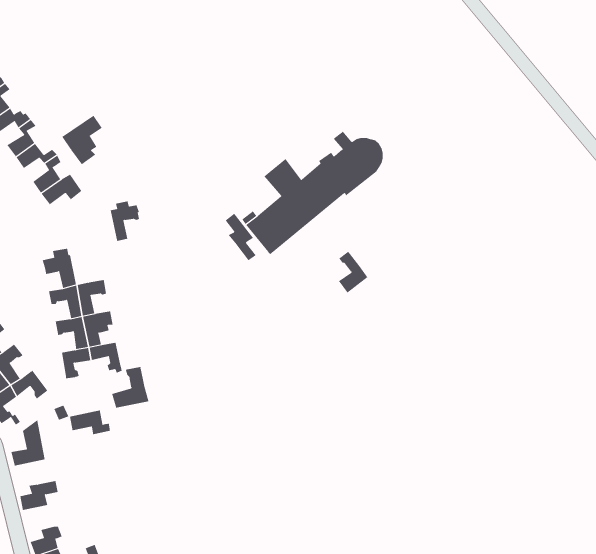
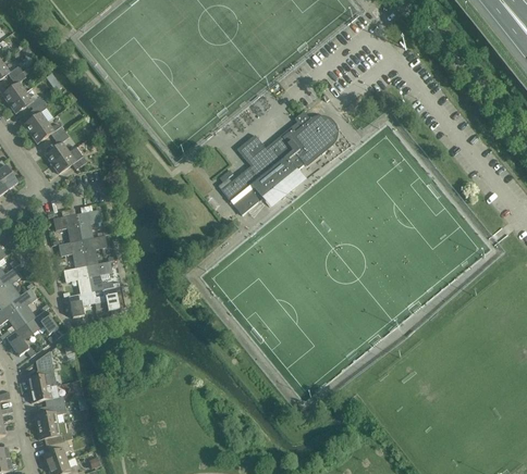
building: [61,115,103,165] -> none
building: [110,201,140,241] -> [76,205,101,239]
building: [225,213,256,261] -> none
building: [338,251,368,294] -> none
building: [111,366,149,408] -> none
building: [69,410,111,435] -> [29,385,64,406]
building: none -> [36,422,72,445]

